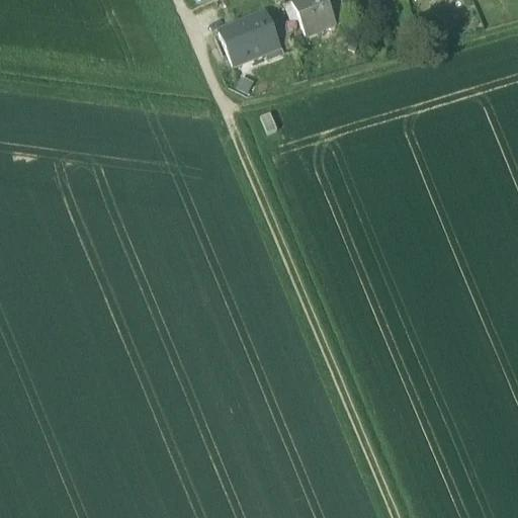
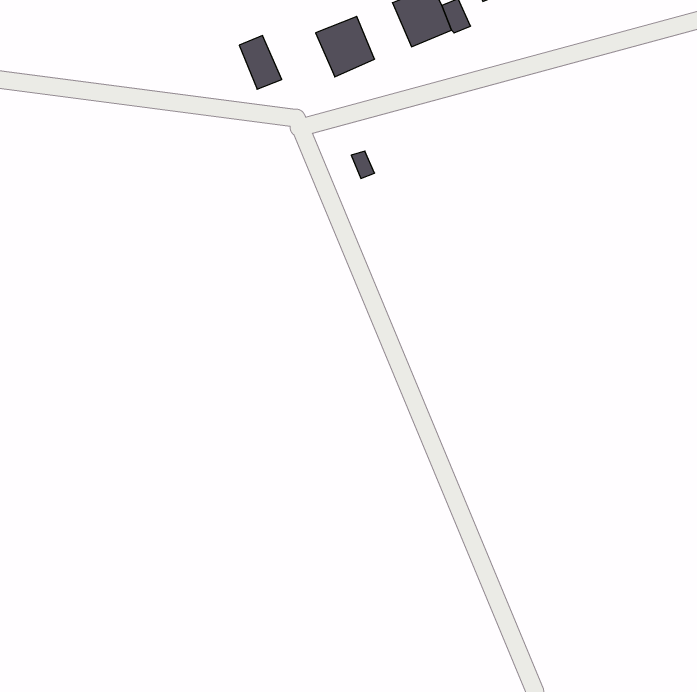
building: [219,24,250,64] -> [239,36,282,89]

